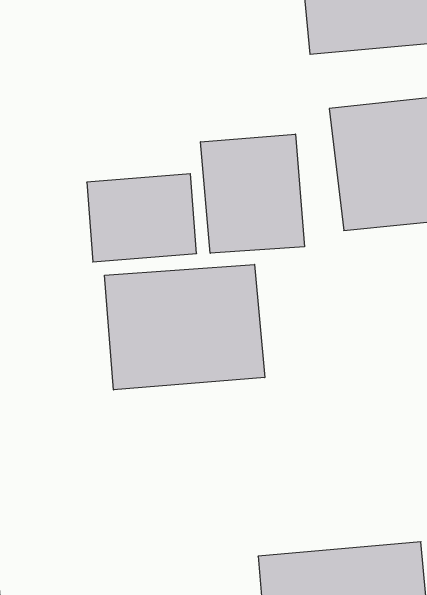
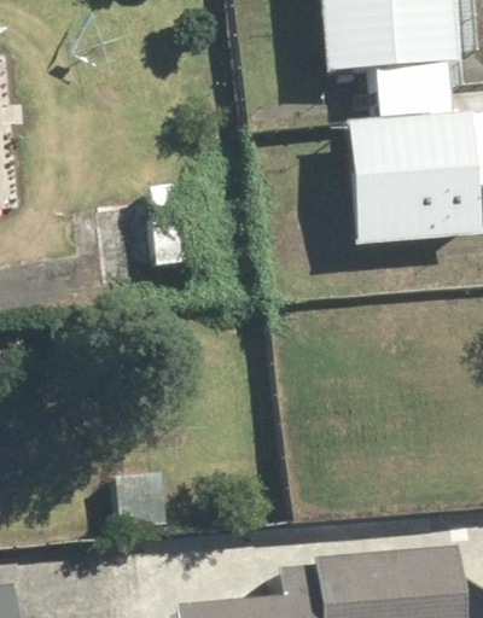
building: [201,134,304,253] -> none
building: [105,264,265,390] -> none

